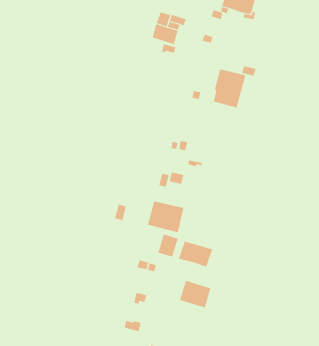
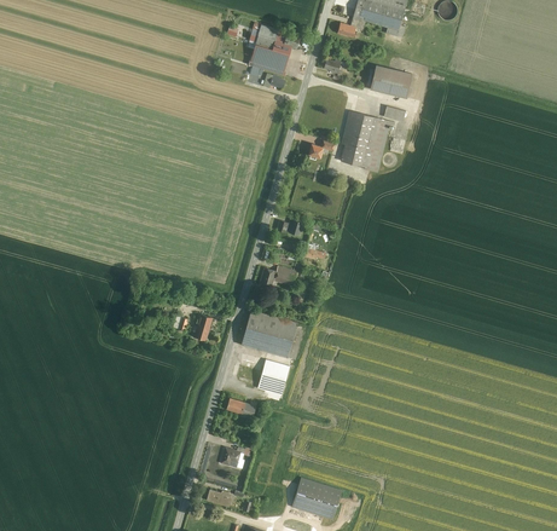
building: none -> [370,65,412,97]
building: [178,241,213,267] -> none
building: [179,280,211,308] -> [292,478,341,520]

